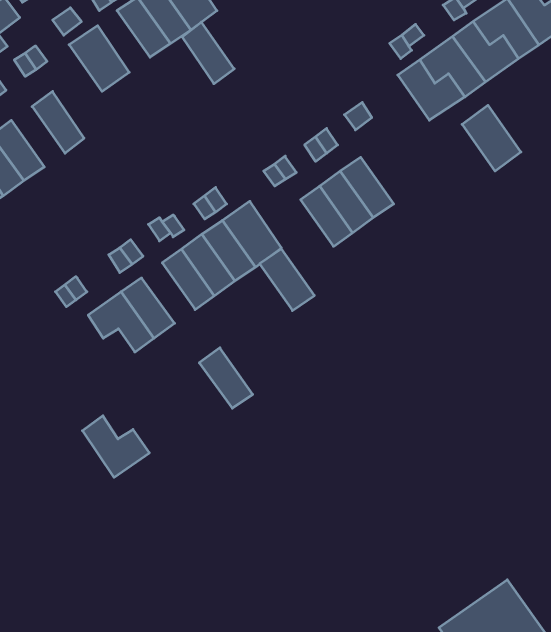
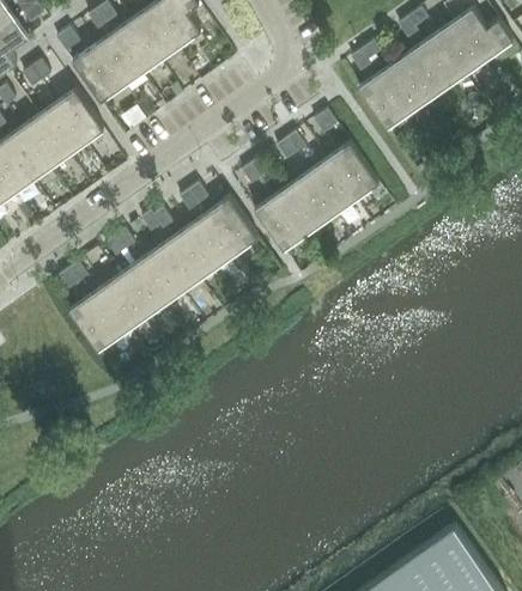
building: [182,22,234,84] -> [96,32,141,86]
building: none -> [56,90,103,144]
building: [462,105,521,171] -> [326,144,377,201]
building: none -> [20,116,67,169]
building: [260,249,314,311] -> [254,197,302,251]
building: [199,348,253,408] -> [134,252,181,305]
building: [82,416,149,477] -> [69,298,128,352]

